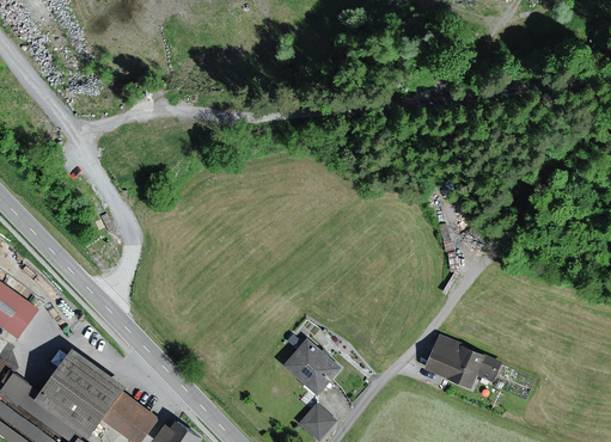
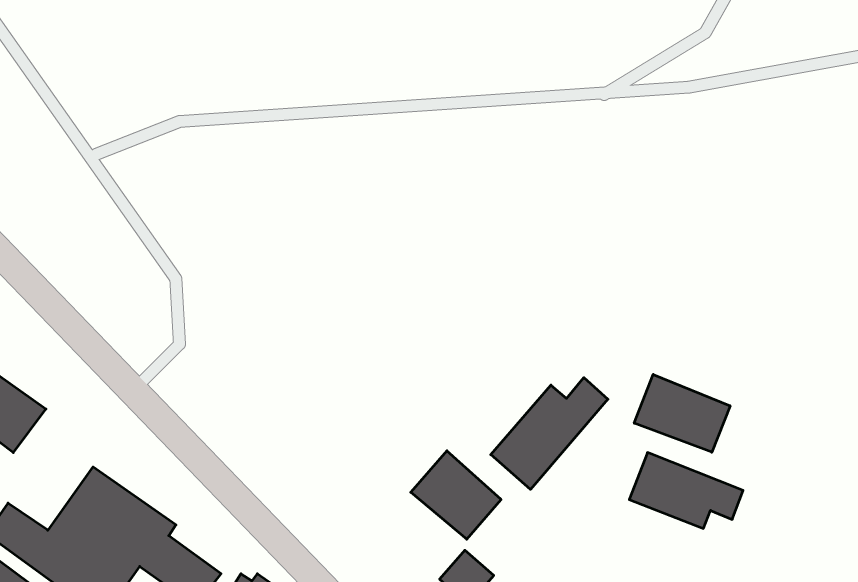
building: none -> [634,374,730,452]
building: none -> [491,378,608,489]

